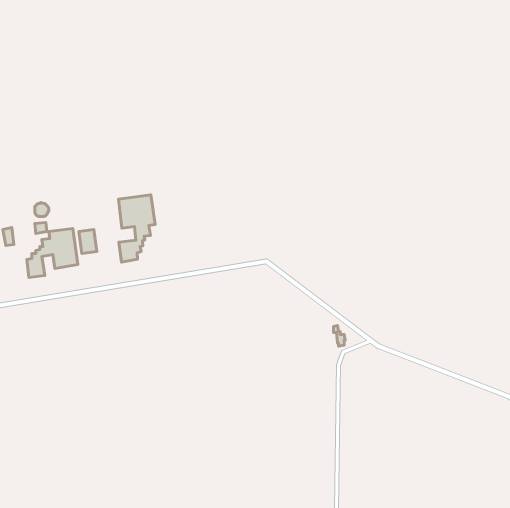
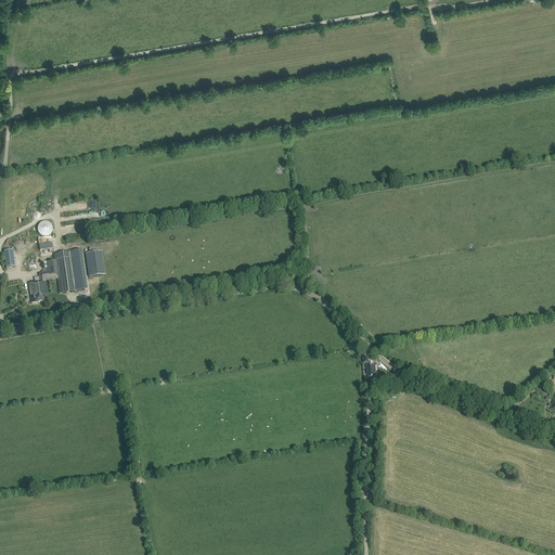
building: [119,195,155,262] -> none

